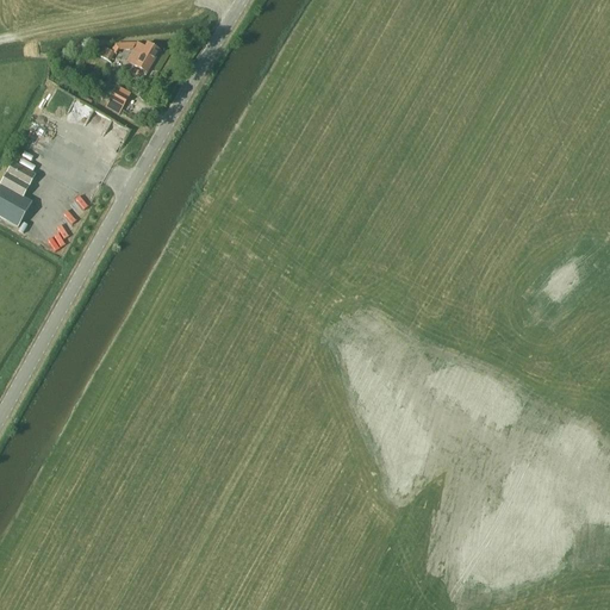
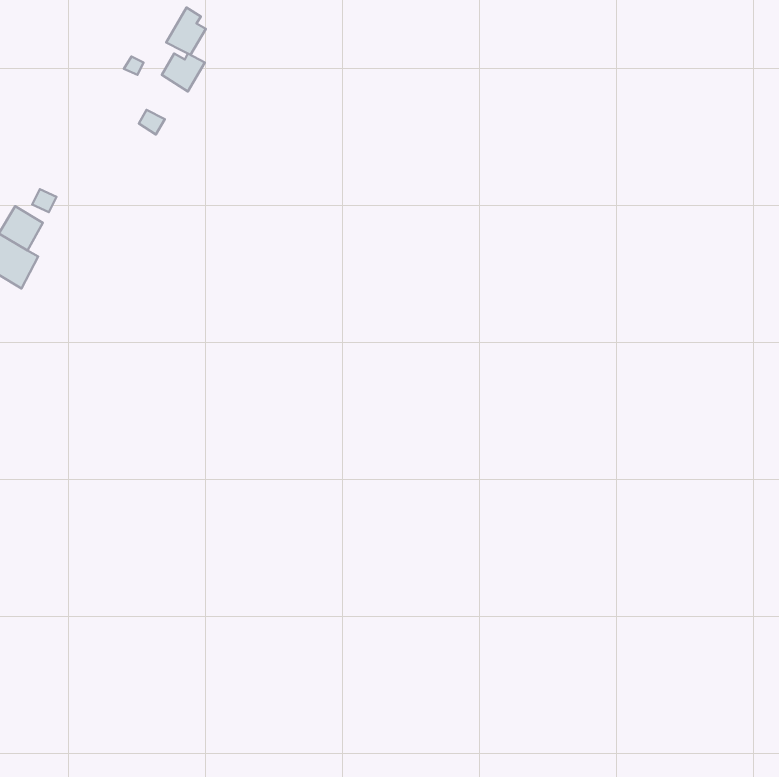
building: none -> [166,7,206,55]

